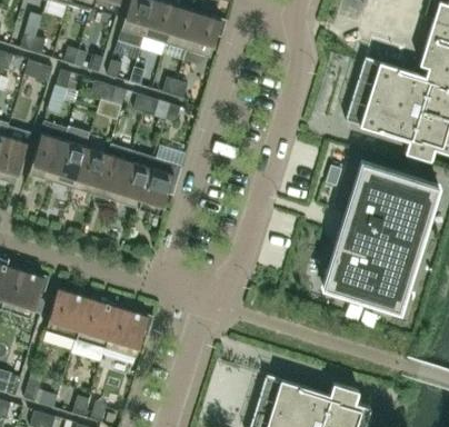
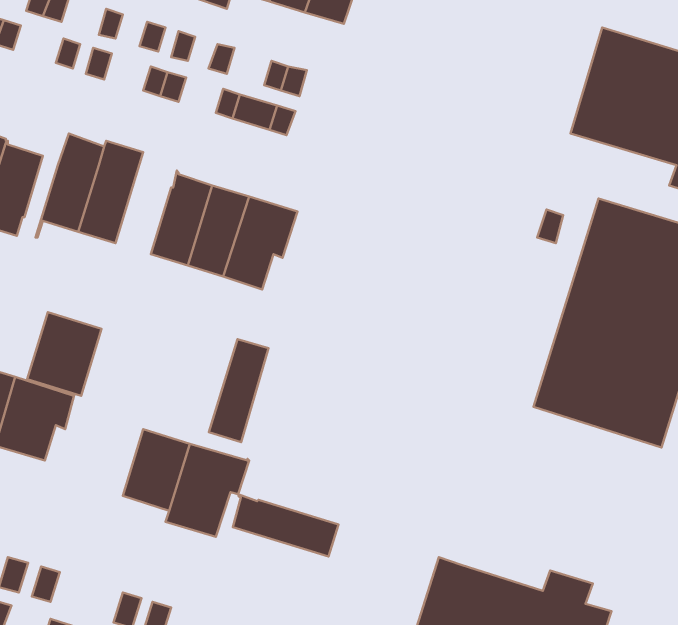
building: [73,146,107,192] -> none
building: none -> [209,339,269,442]
building: [46,287,90,337] -> [27,312,102,396]
building: none -> [233,494,338,557]

